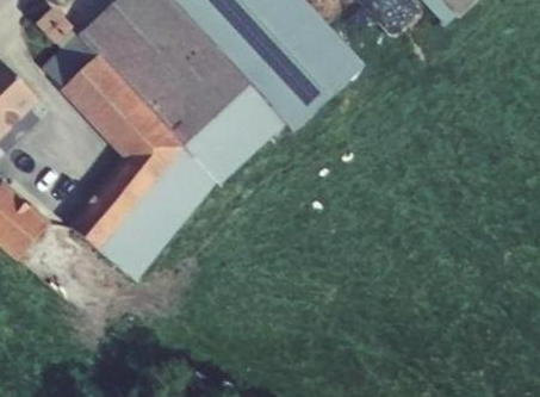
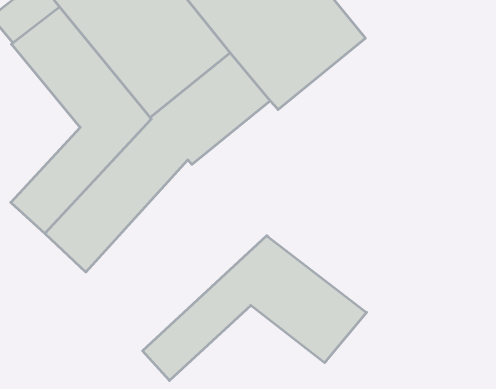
building: none -> [143,236,367,381]

